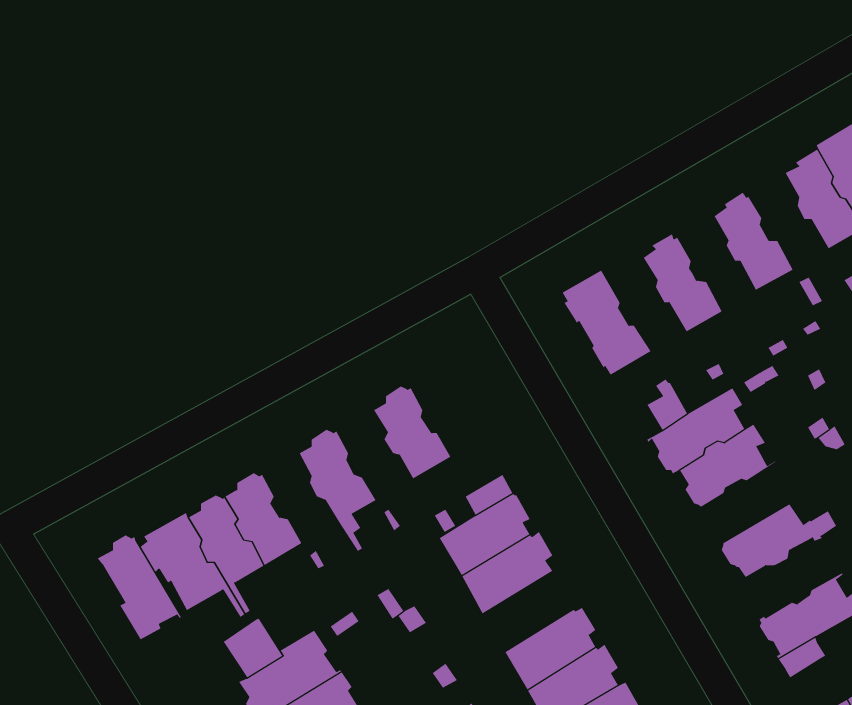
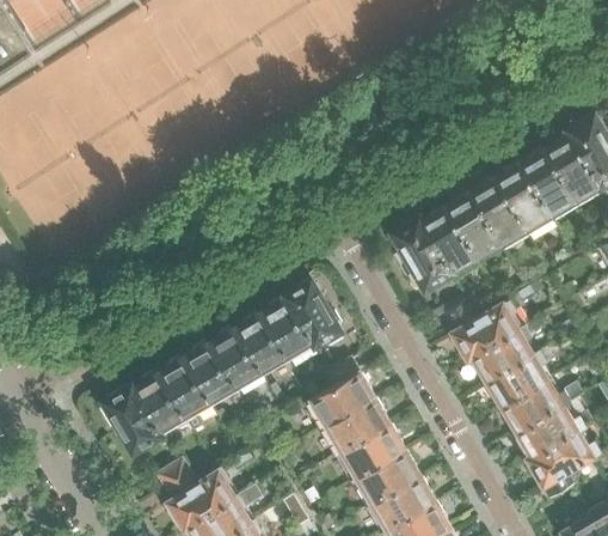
building: none -> [522,150,577,218]
building: none -> [473,178,527,246]
building: none -> [424,207,479,274]
building: none -> [289,280,343,347]
building: none -> [238,313,290,377]
building: none -> [186,343,239,407]
building: none -> [490,351,551,407]
building: [97,535,182,640] -> none
building: none -> [518,403,586,458]
building: none -> [338,425,401,482]

